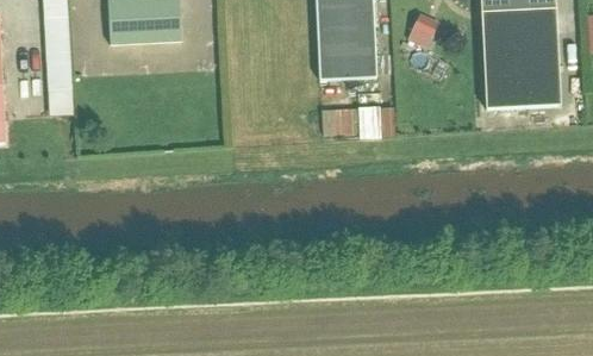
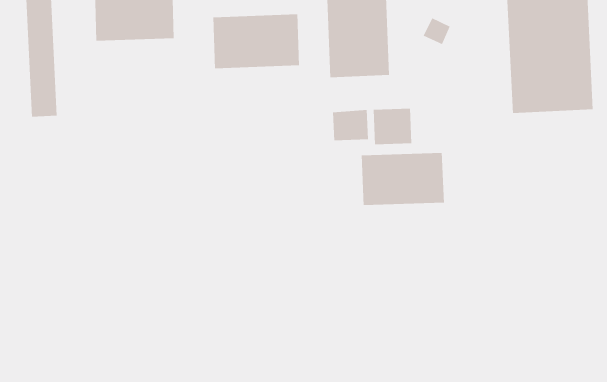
building: none -> [213,14,300,69]
building: none -> [361,152,444,206]

